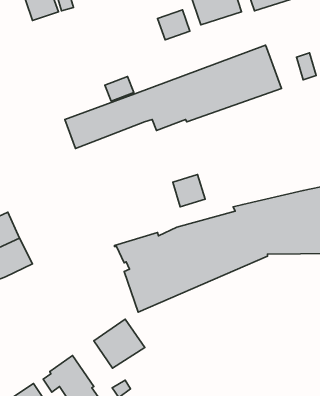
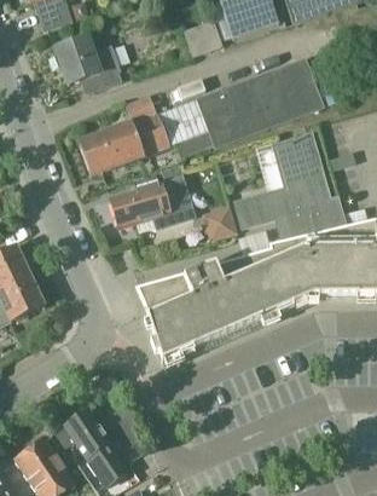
building: none -> [57,36,122,92]
building: none -> [238,134,347,237]
building: none -> [110,177,196,232]
building: [94,319,145,368] -> none

